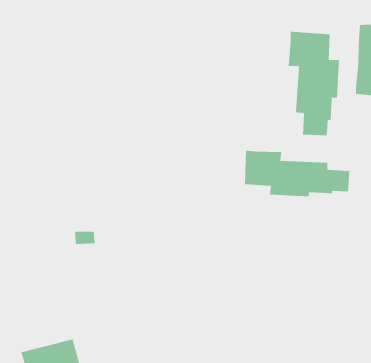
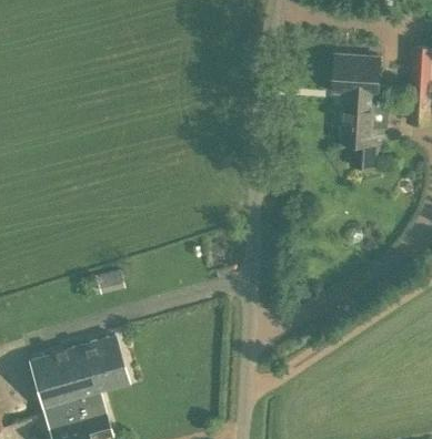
building: [245,150,350,197] -> none
building: none -> [29,337,128,406]

